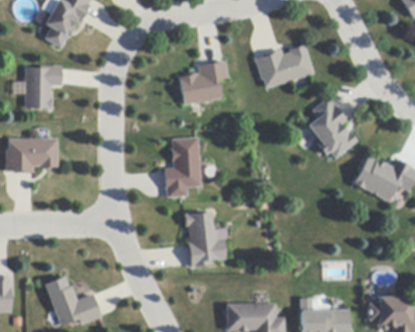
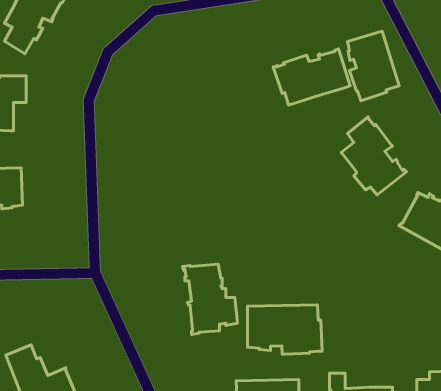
building: none -> [348,31,399,101]
building: [178,61,228,105] -> none
building: [164,137,201,198] -> none
building: none -> [247,305,322,354]

